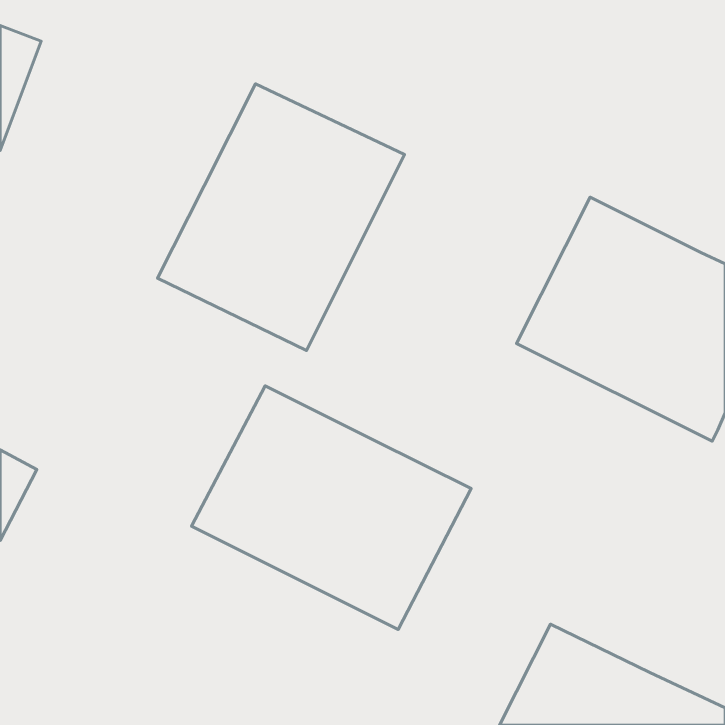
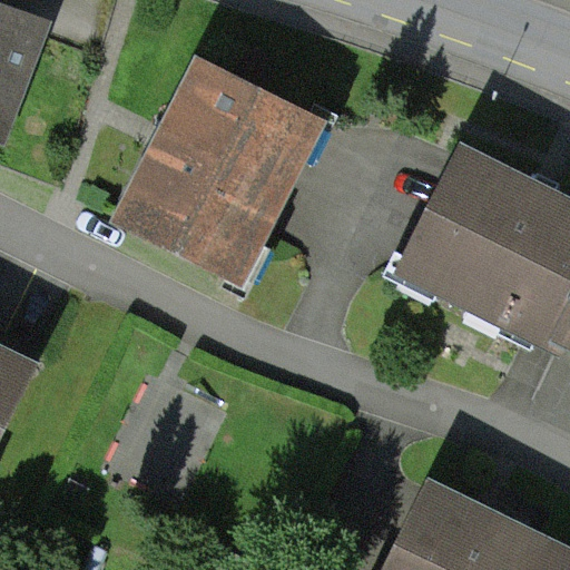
building: [191,386,471,630] -> none

